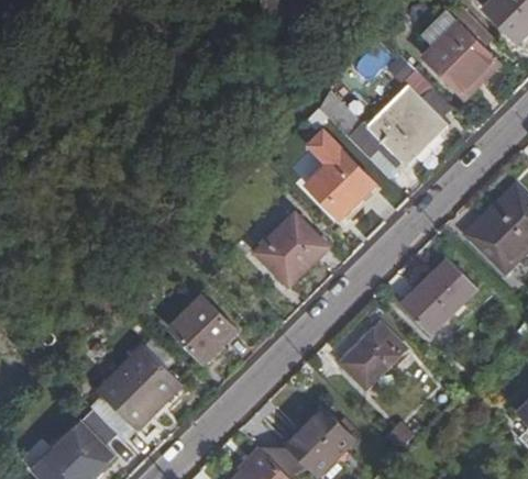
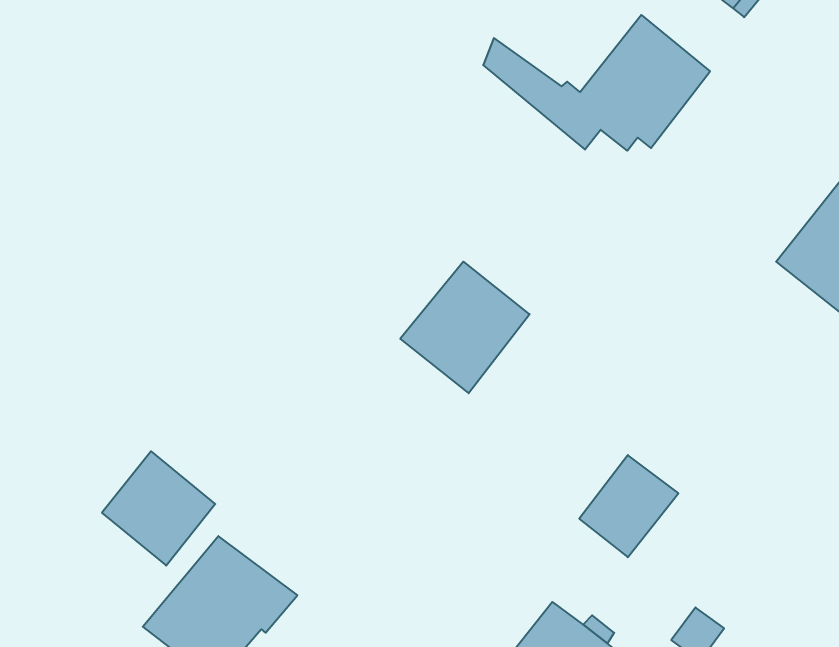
building: [306,132,375,218] -> none
building: [403,259,476,332] -> none
building: [172,299,234,363] -> [102,451,215,566]

